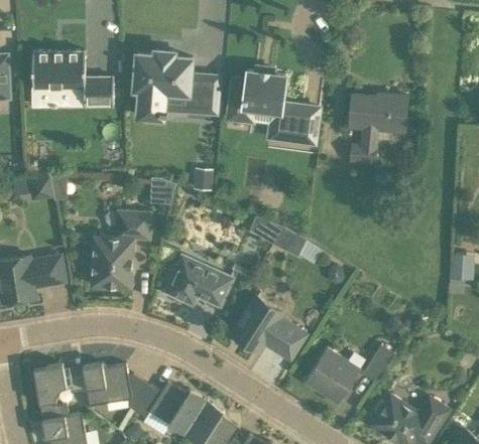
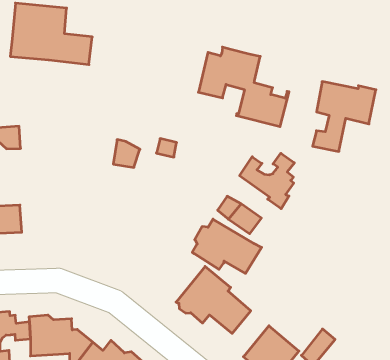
building: [134,50,219,122] -> none
building: none -> [240,153,294,209]
building: [91,211,151,288] -> none
building: [163,256,233,307] -> [192,219,262,273]

